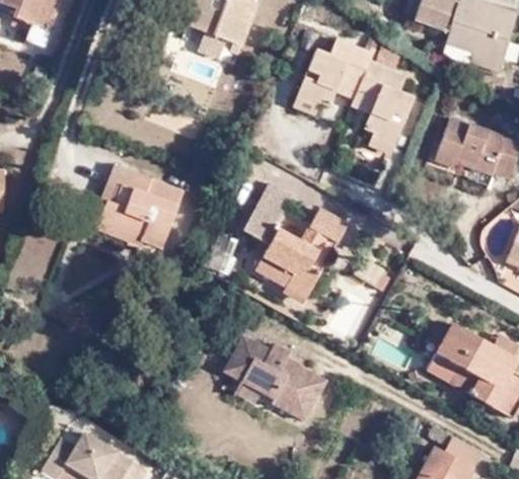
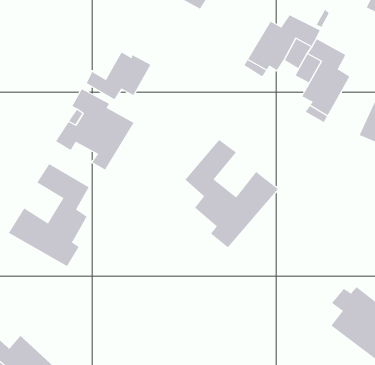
building: none -> [86,51,151,100]
building: none -> [8,163,89,267]
building: [224,339,325,425] -> none

